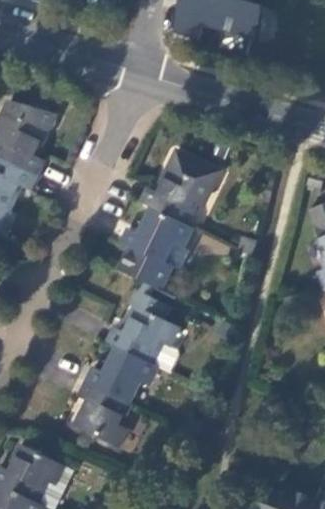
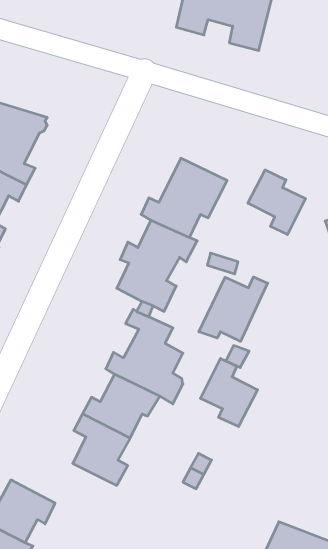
building: none -> [248,170,306,235]
building: none -> [199,277,268,341]
building: none -> [200,358,258,427]

